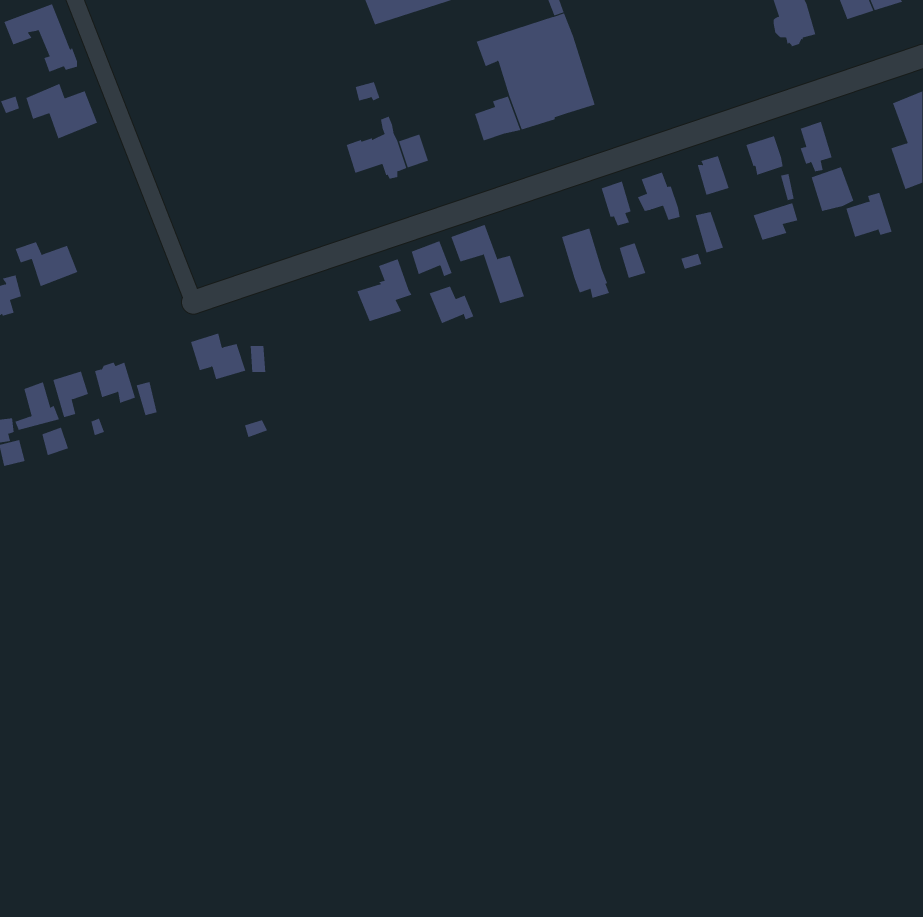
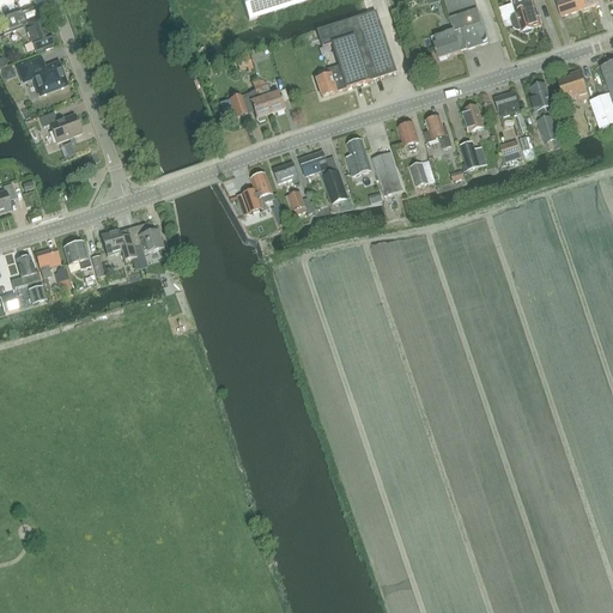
building: none -> [431,6,486,56]
building: [845,192,892,237] -> [557,68,588,98]
building: none -> [345,138,368,175]
building: [15,242,78,287] -> [38,110,80,140]
building: none -> [99,226,135,259]

